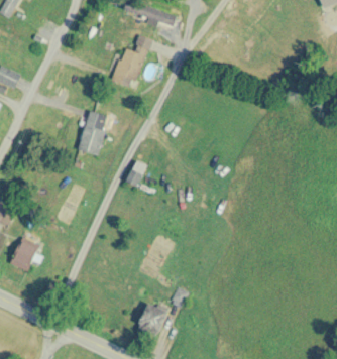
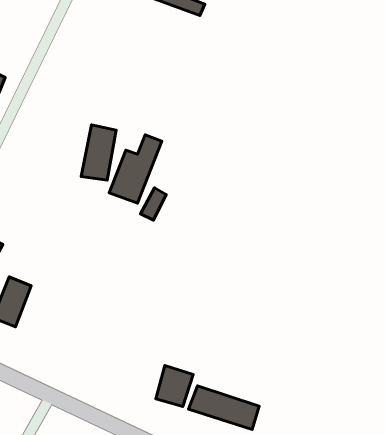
building: [110,36,151,90] -> [109,135,162,203]
building: none -> [189,386,259,429]

